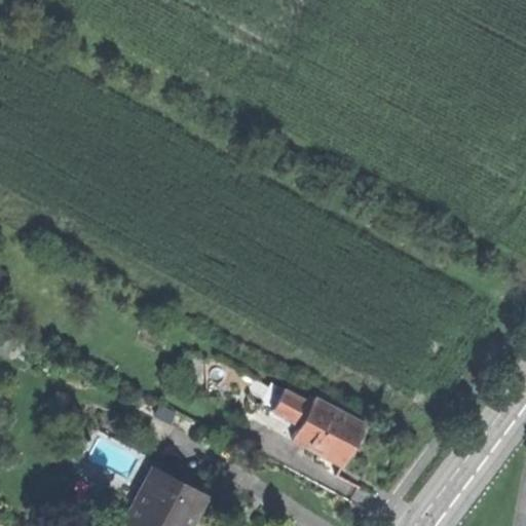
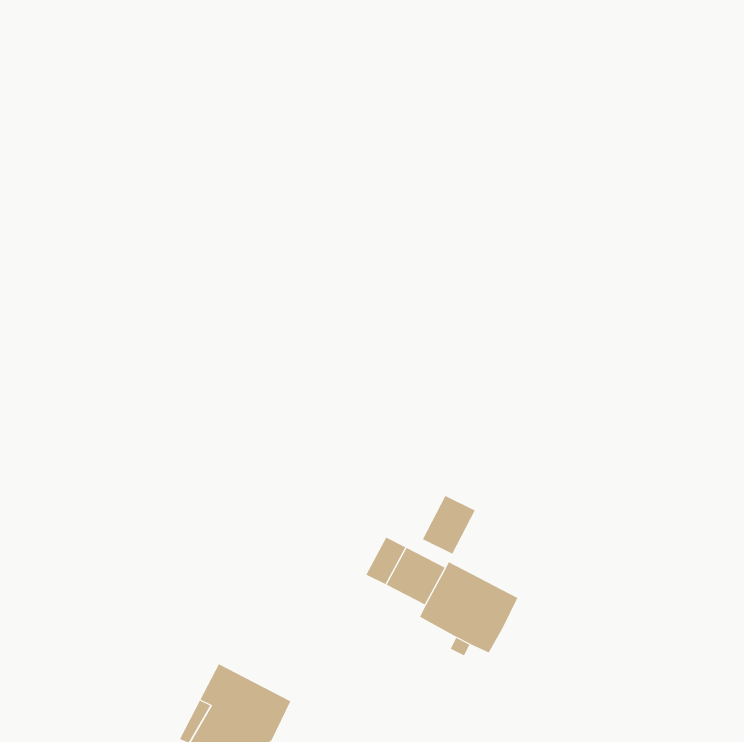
building: none -> [422,495,476,555]

